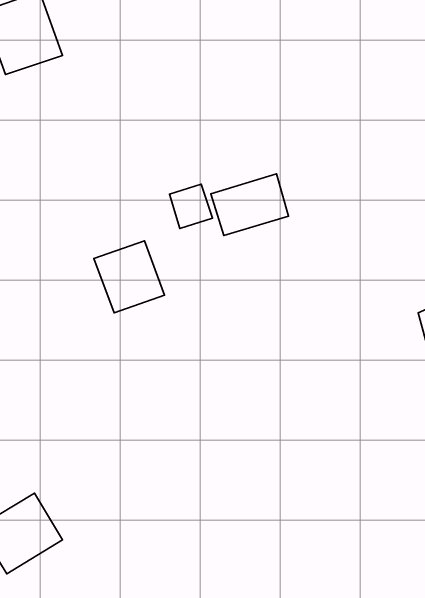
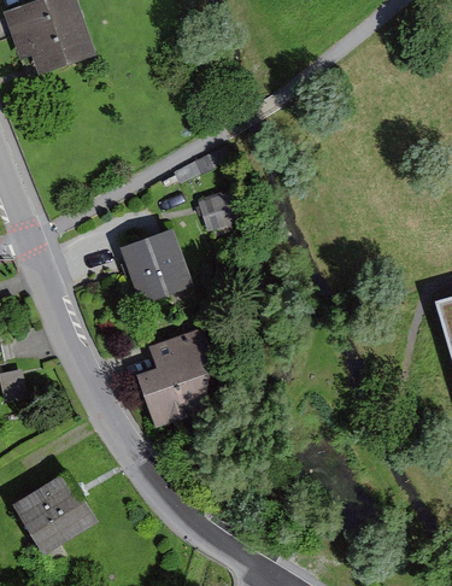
building: [211,174,288,235] -> none
building: none -> [139,329,209,424]

